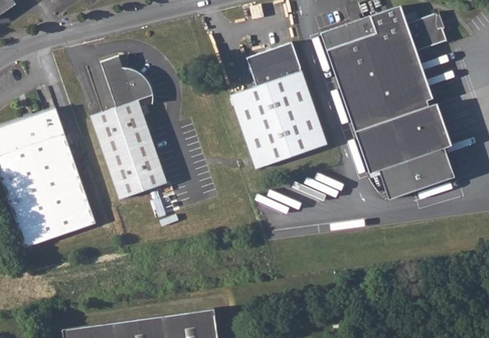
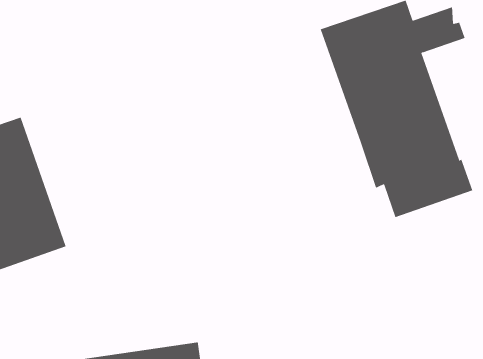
building: [231,42,328,169] -> none
building: [91,57,166,200] -> none

